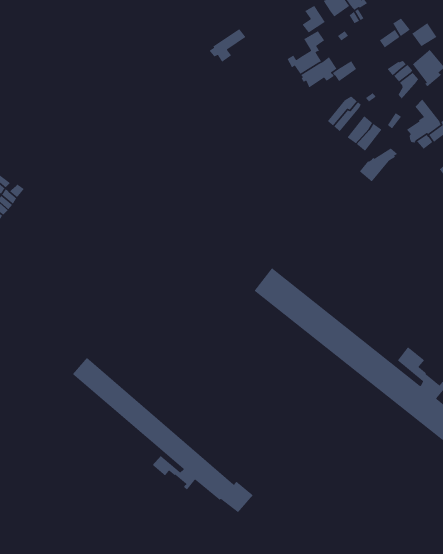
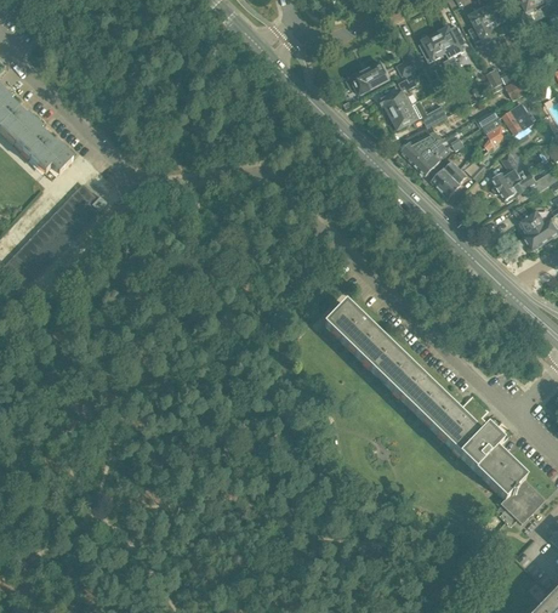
building: [208,28,246,63] -> [348,59,387,92]
building: [359,148,399,182] -> [402,129,443,161]
building: [72,357,254,513] -> none

